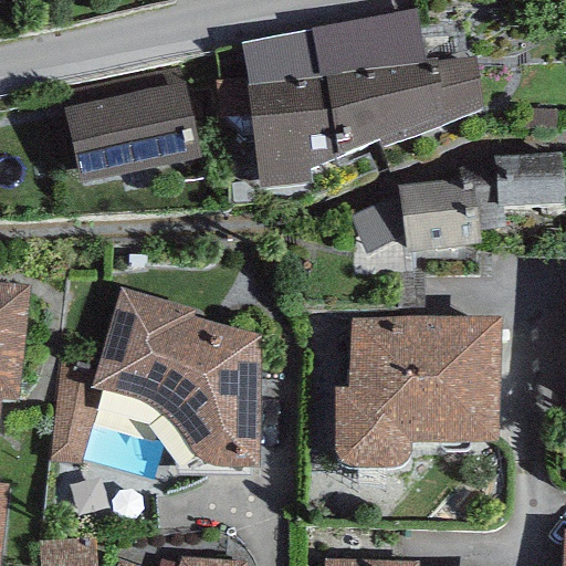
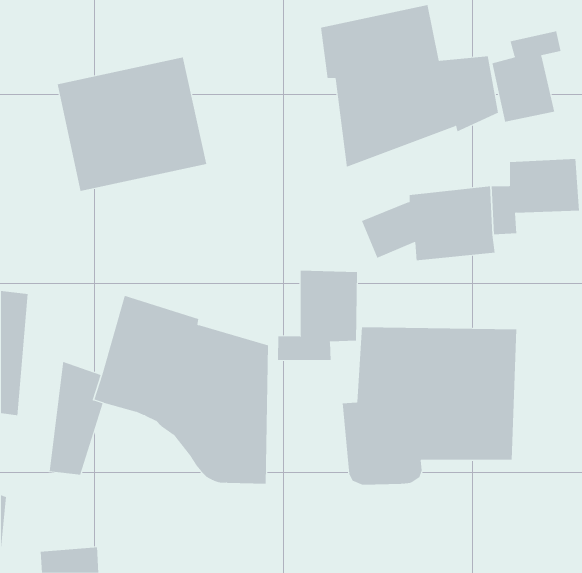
building: [211,27,336,193] -> none
building: none -> [492,30,561,123]
building: none -> [277,270,358,361]

